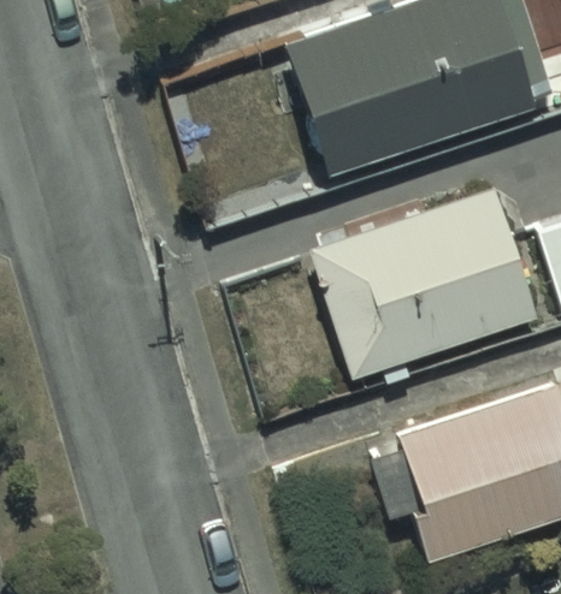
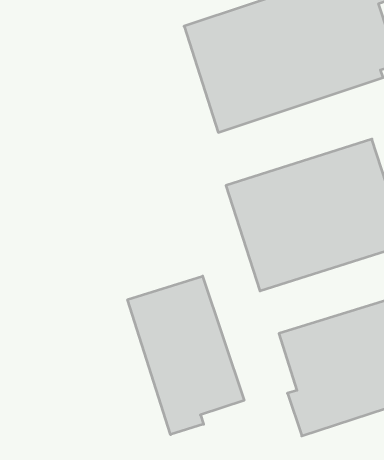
building: none -> [128,276,244,435]

